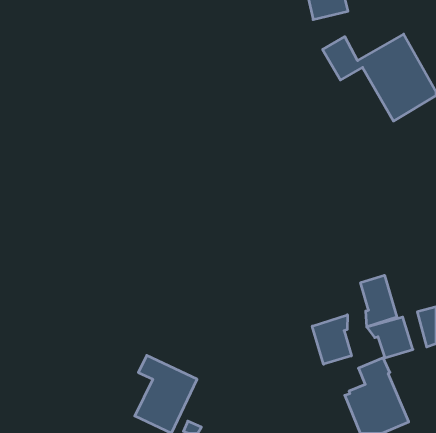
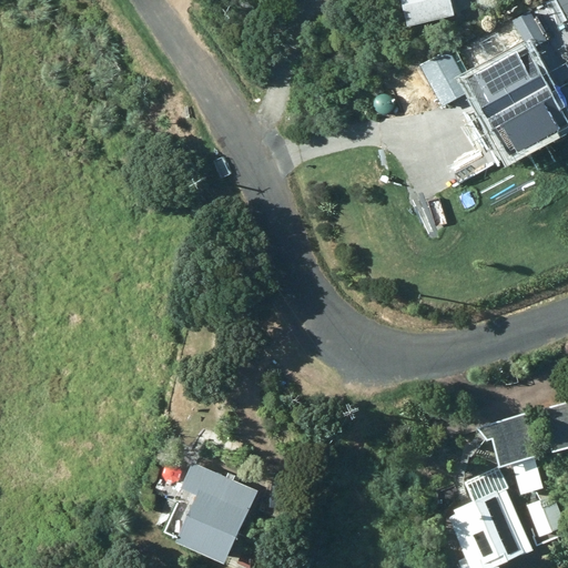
building: [361,275,397,327] -> none
building: [312,315,351,364] -> none

